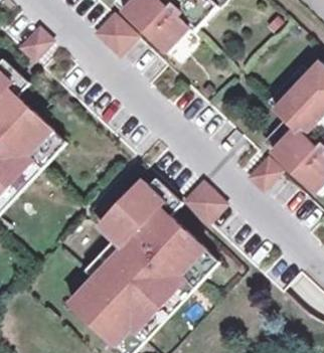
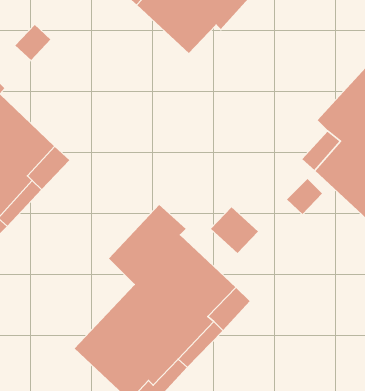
building: [95,15,135,55] -> none

